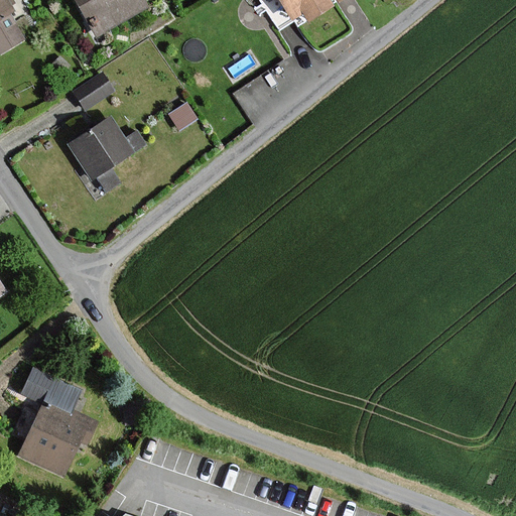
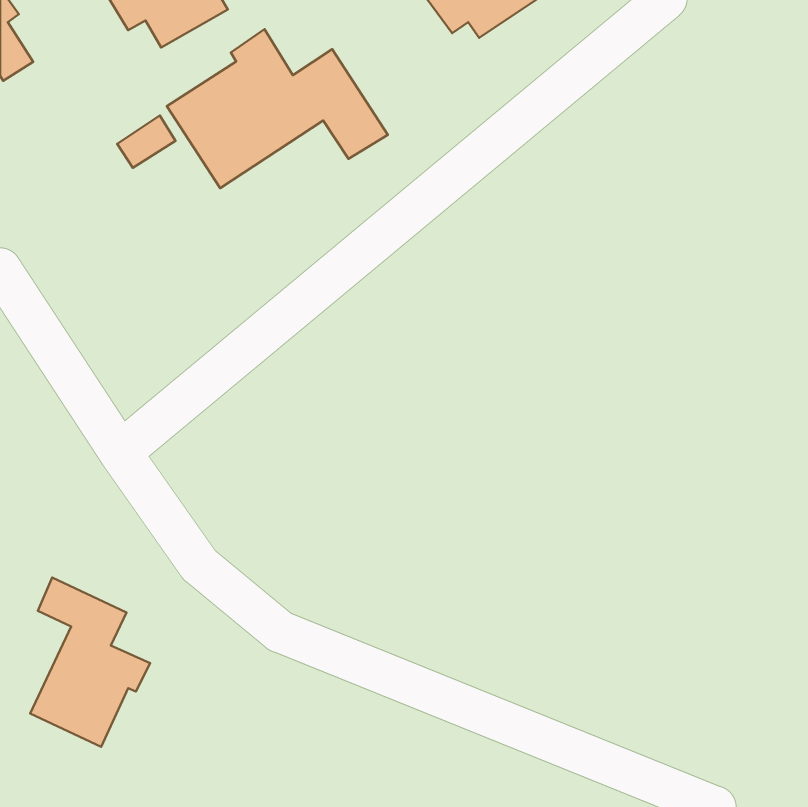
building: none -> [167,29,388,188]
building: [70,118,131,177] -> none

